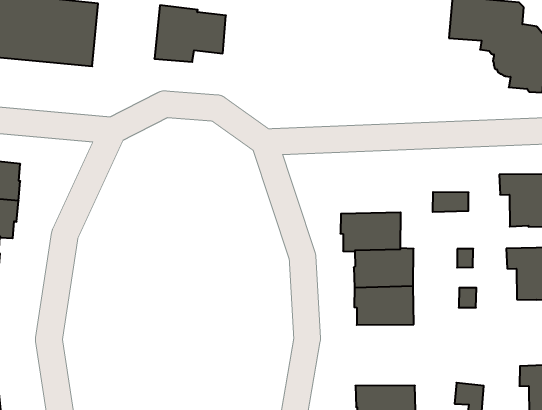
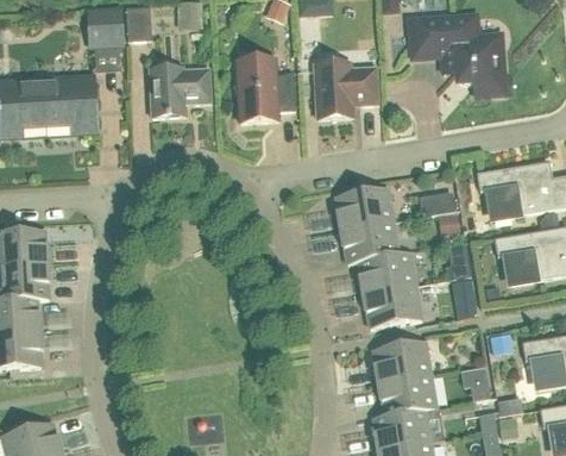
building: none -> [234,58,295,121]
building: none -> [314,62,377,118]
building: none -> [335,187,394,230]
building: none -> [373,339,430,382]

